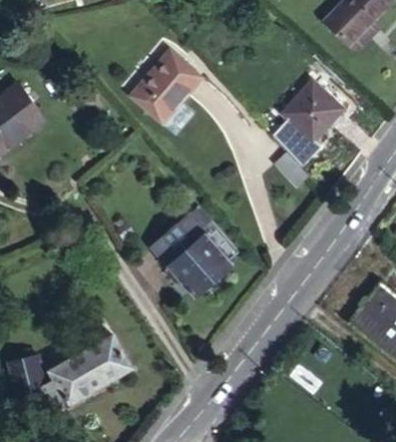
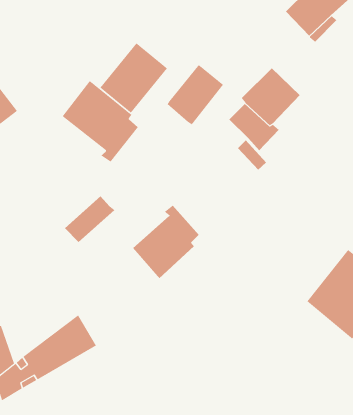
building: none -> [167,64,224,125]
building: none -> [62,80,139,162]
building: [150,214,204,264] -> [64,196,115,243]

